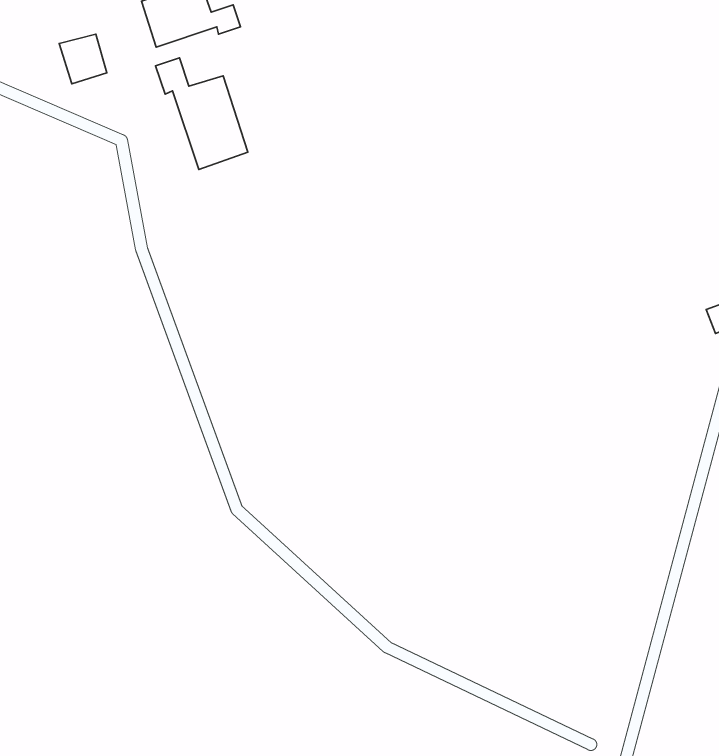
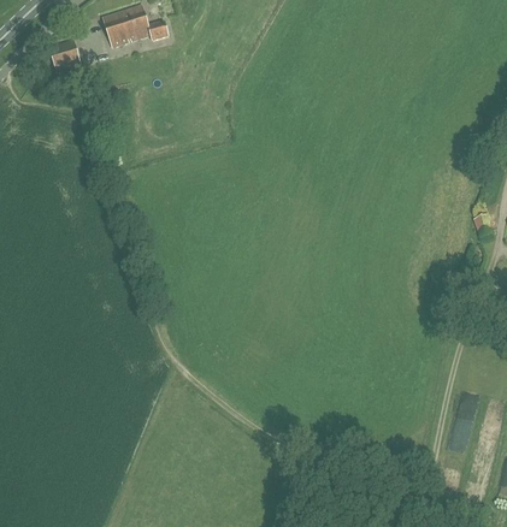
building: [156,58,248,169] -> none

